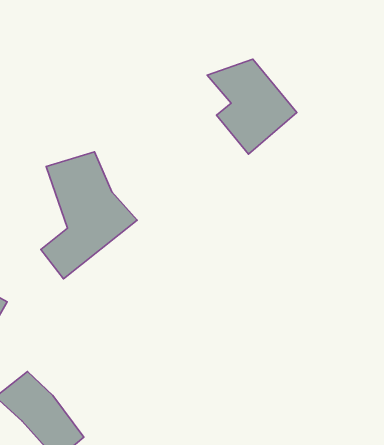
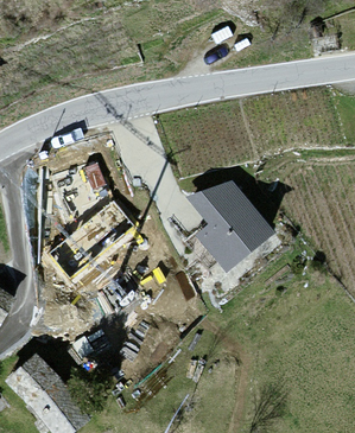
building: [207,59,297,154] -> [191,182,271,266]

